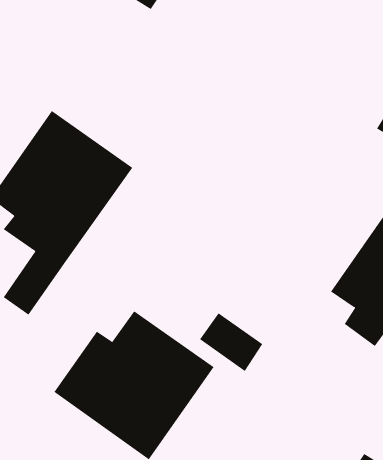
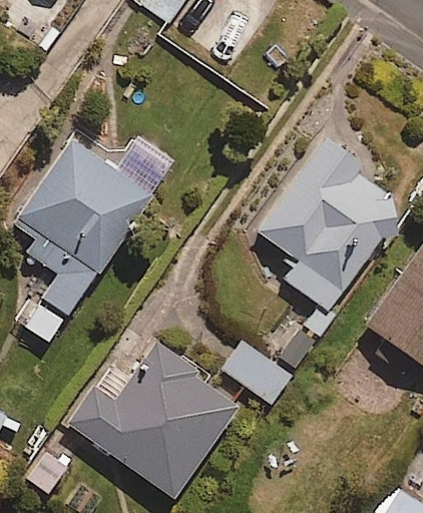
building: none -> [260,132,405,313]

